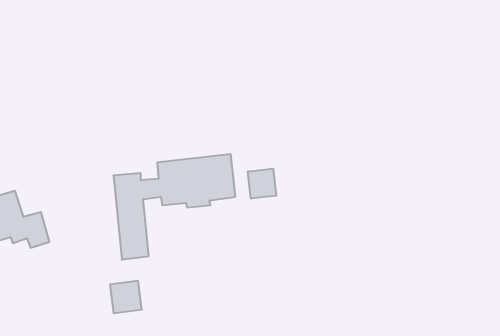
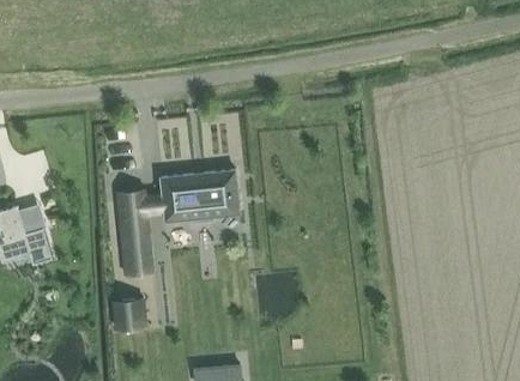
building: [248,169,276,199] -> none

